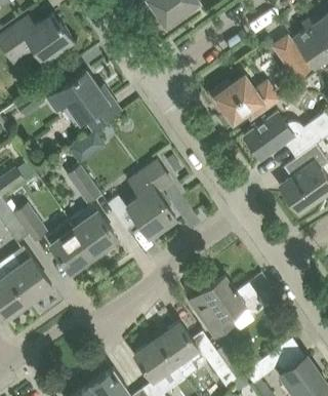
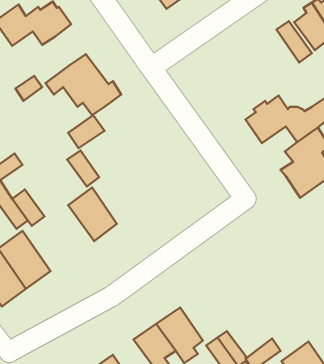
building: [213,77,279,121] -> none
building: [107,161,175,237] -> none
building: [45,221,94,273] -> none
building: [195,276,261,338] -> none

